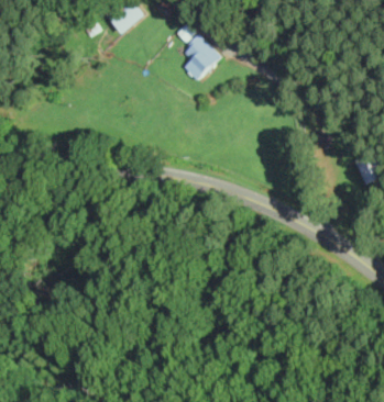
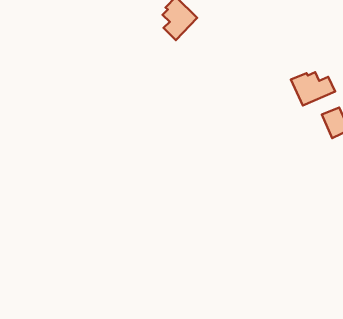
building: none -> [291,72,335,105]

